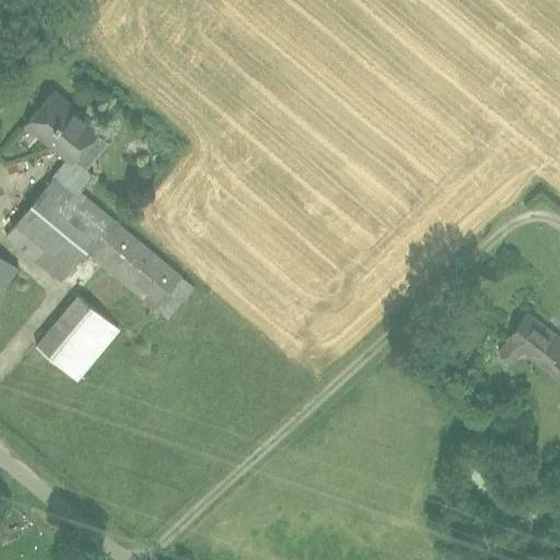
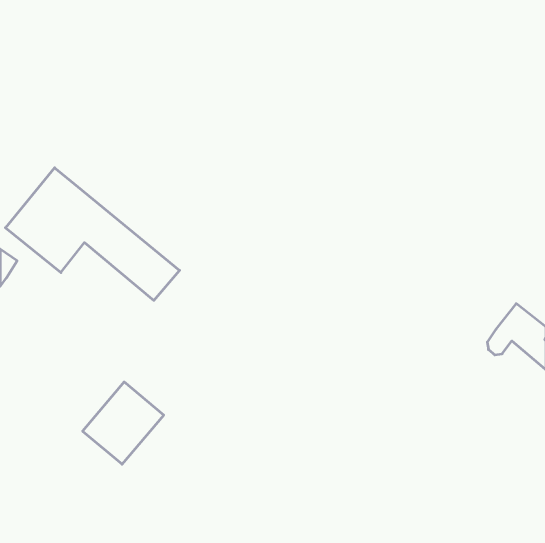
building: [24,91,102,195] -> none
building: [37,296,120,381] -> [83,382,164,464]

